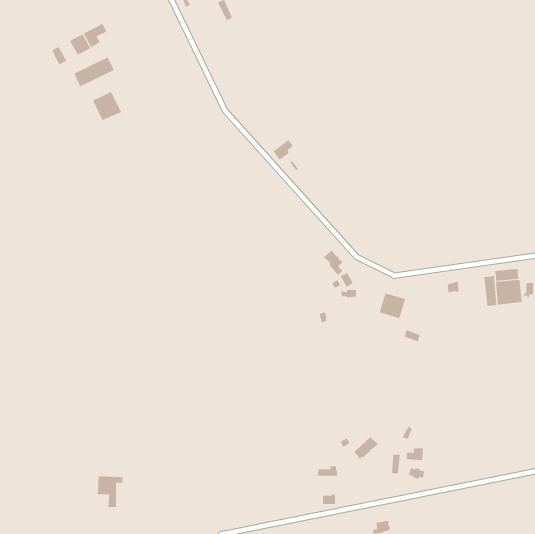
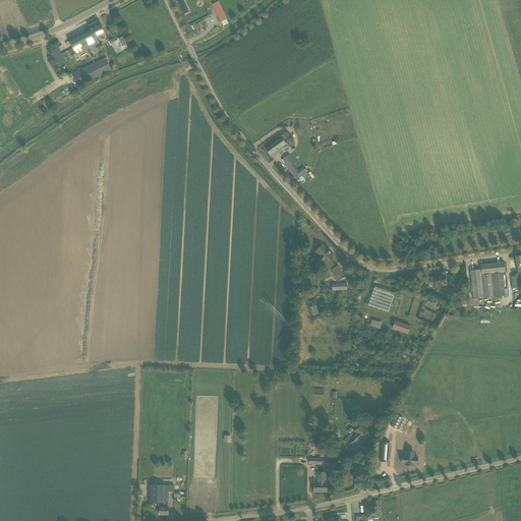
building: [92,91,122,121] -> none
building: [97,476,123,507] -> [148,482,173,513]

